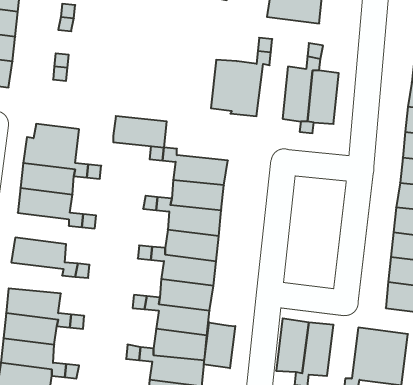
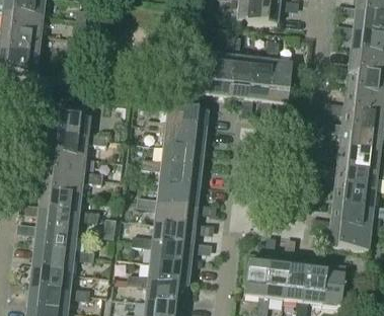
building: none -> [228,56,252,98]
building: [113,116,167,147] -> [166,106,208,131]
building: none -> [41,171,82,195]
building: none -> [35,210,78,234]
building: [204,322,235,368] -> none
building: none -> [283,258,307,300]

